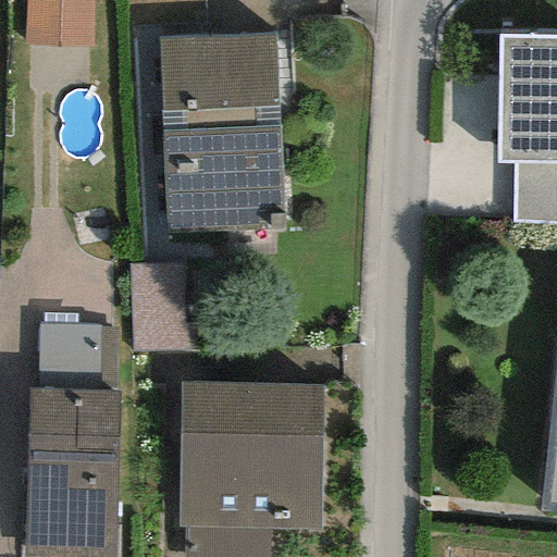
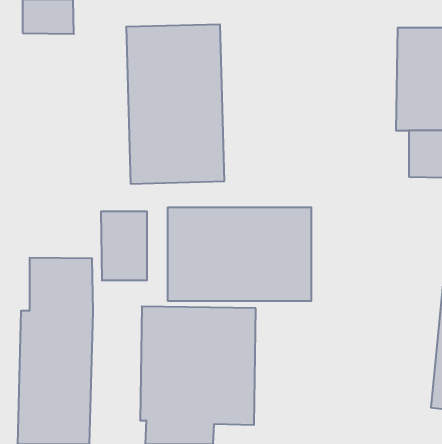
building: none -> [168,207,311,301]

